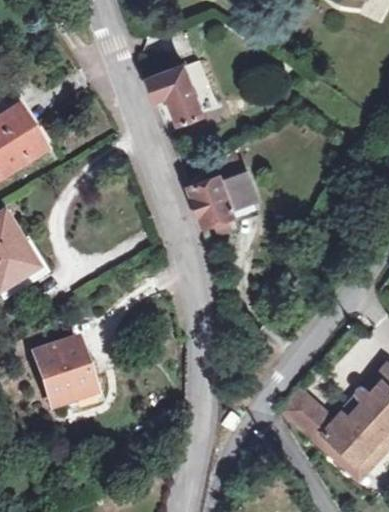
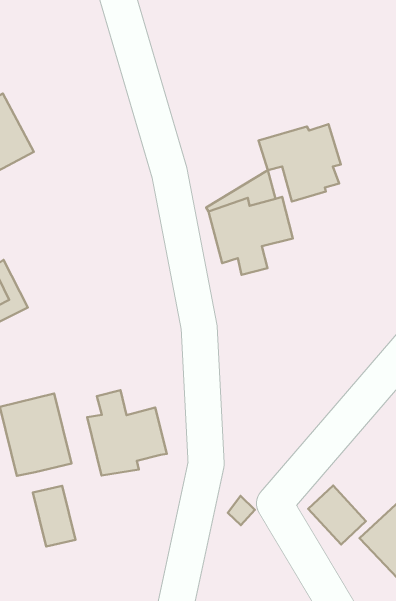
building: [145,59,211,122] -> [259,124,341,201]
building: none -> [87,390,167,475]
building: none -> [33,486,75,546]

